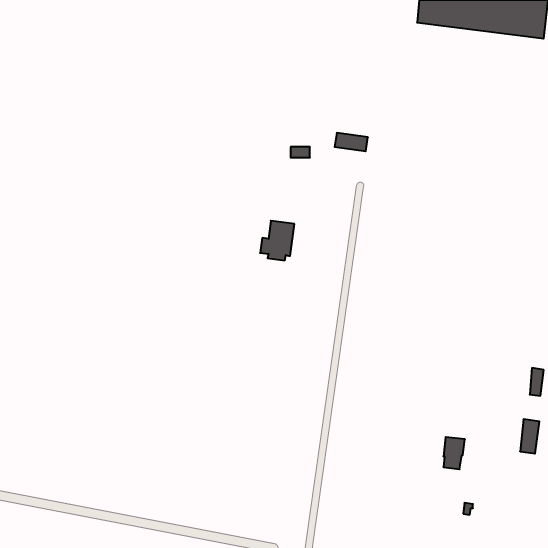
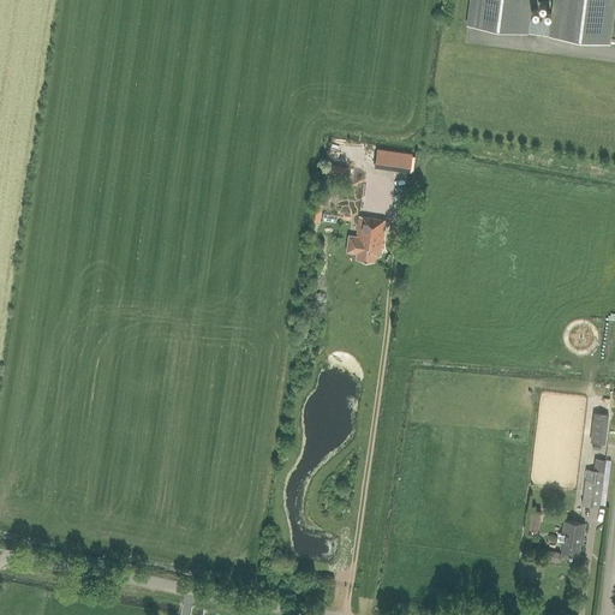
building: [260,221,294,260] -> [347,216,386,261]
building: [443,437,465,469] -> [561,521,585,557]

